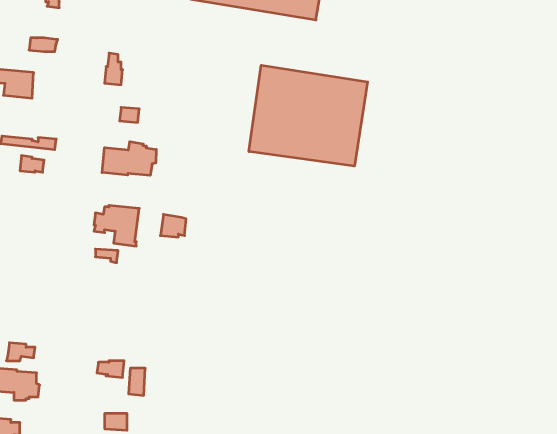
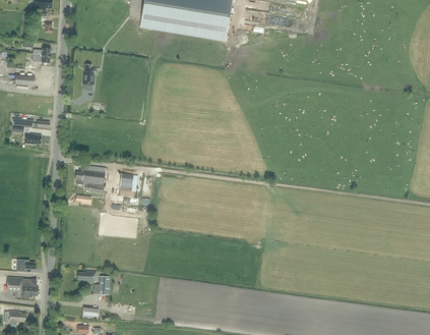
building: [249,65,368,166] -> none
building: [102,142,156,175] -> none

